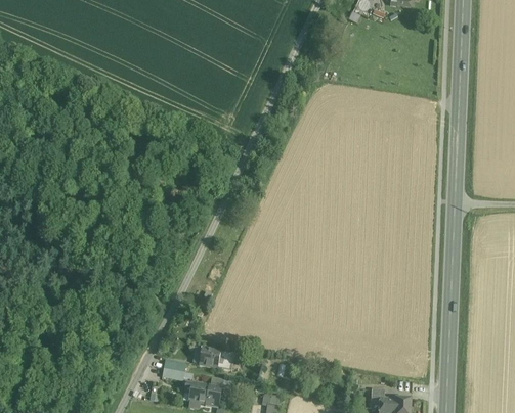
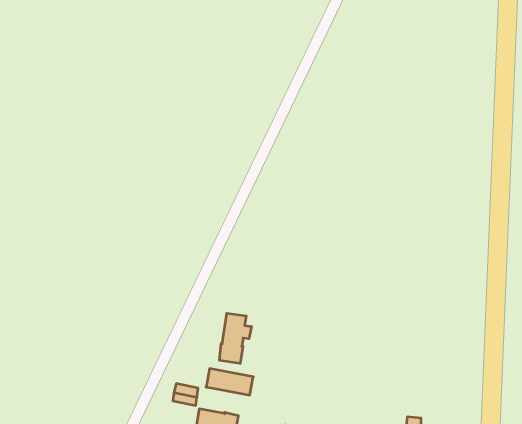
building: none -> [220,313,251,363]

